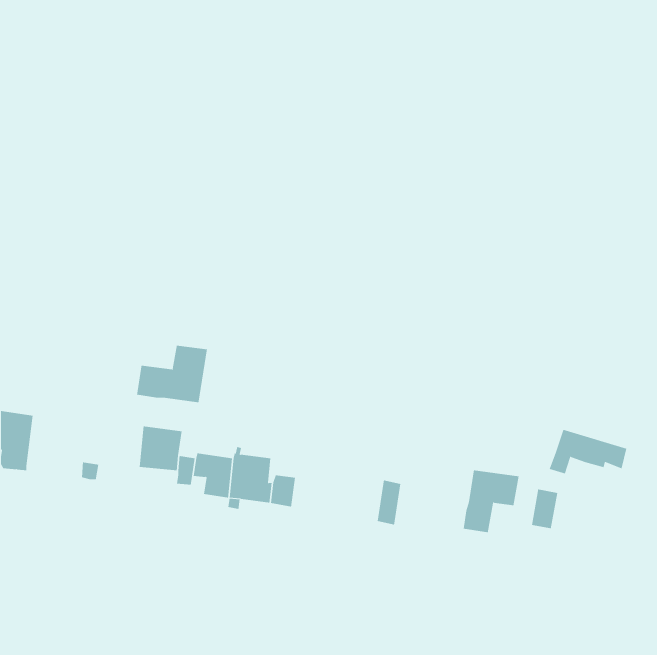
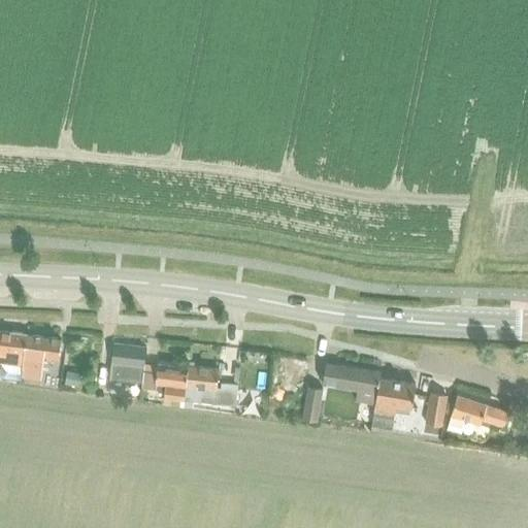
building: [137,345,207,403] -> none
building: none -> [22,335,61,377]
building: [549,429,627,474] -> [446,396,508,432]
building: none -> [322,364,381,404]

